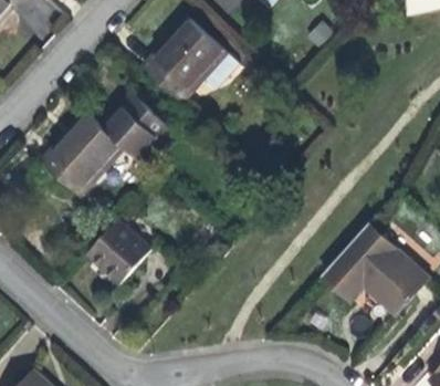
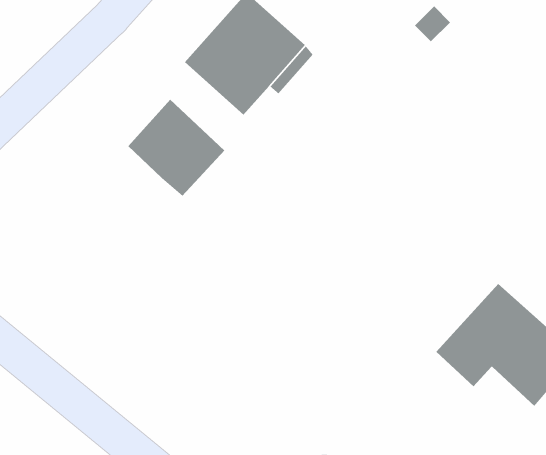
building: [39,111,124,197] -> none
building: [85,218,149,283] -> none

